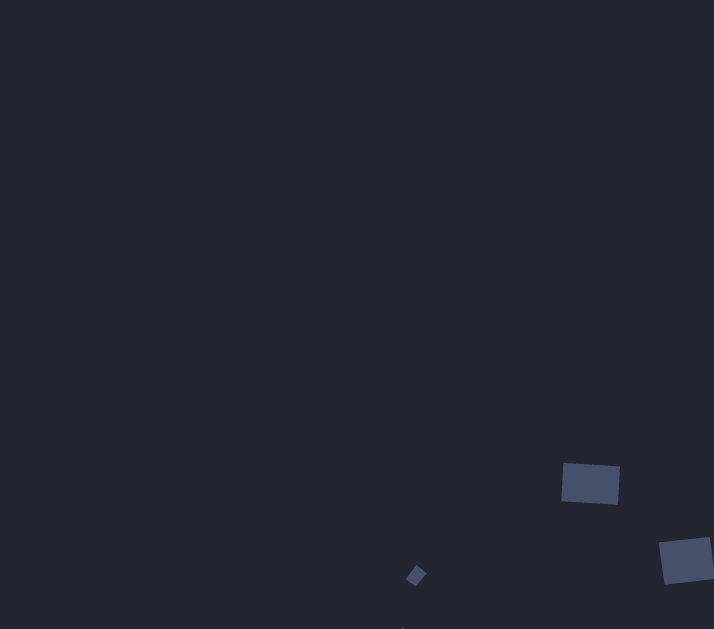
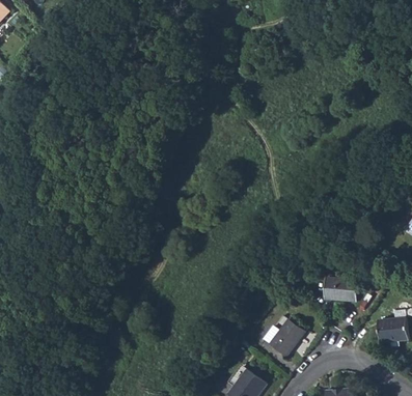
building: none -> [265,315,304,356]

